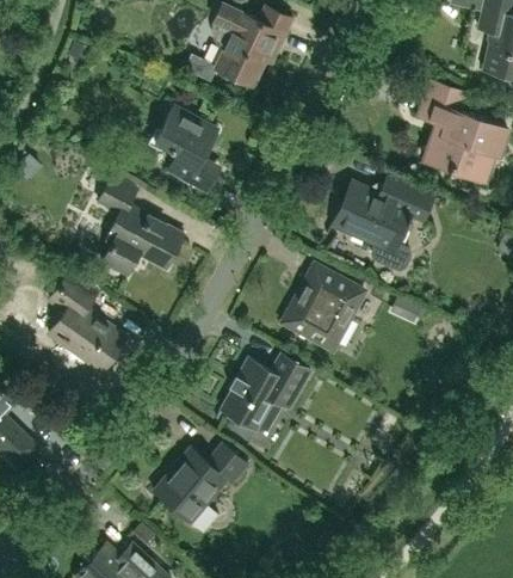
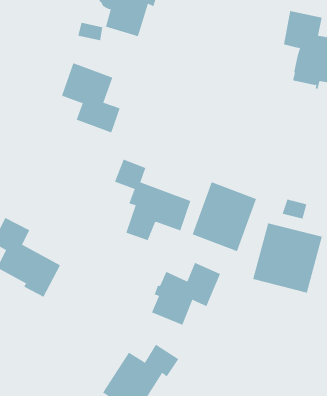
building: [98,177,184,276] -> [114,159,191,241]
building: [339,178,434,271] -> none
building: none -> [253,222,323,293]

